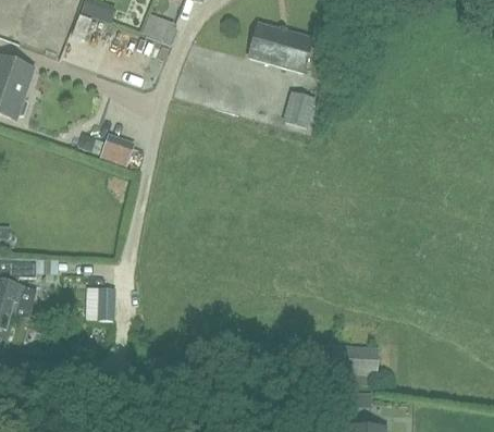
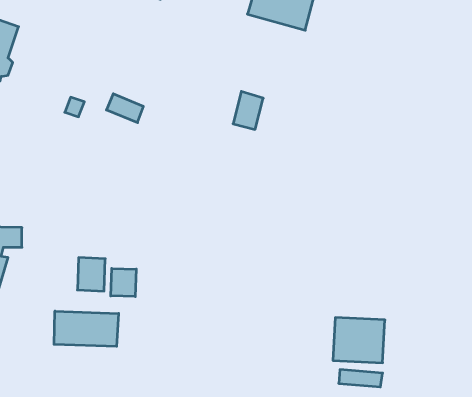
building: [286,90,314,126] -> [233,91,263,129]
building: none -> [111,268,136,297]
building: none -> [54,311,119,346]

